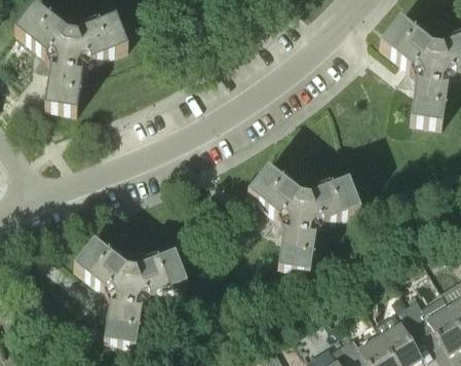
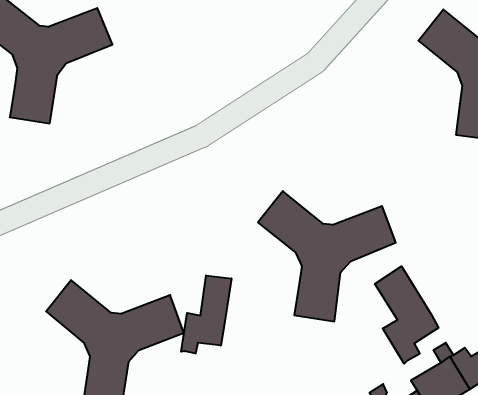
building: none -> [375,266,439,364]
building: none -> [181,275,231,354]

